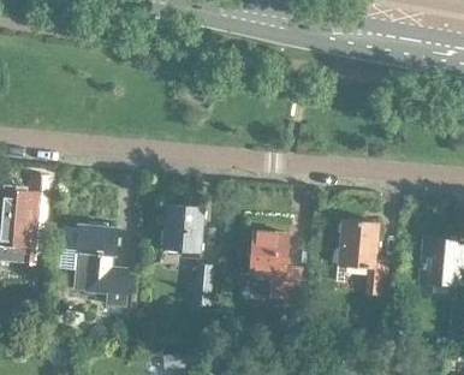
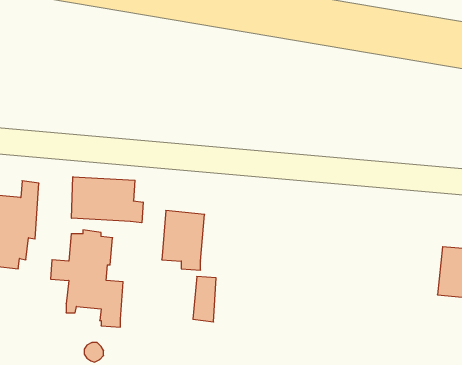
building: none -> [72,177,143,223]
building: [338,220,387,297] -> none
building: [248,231,302,302] -> none

